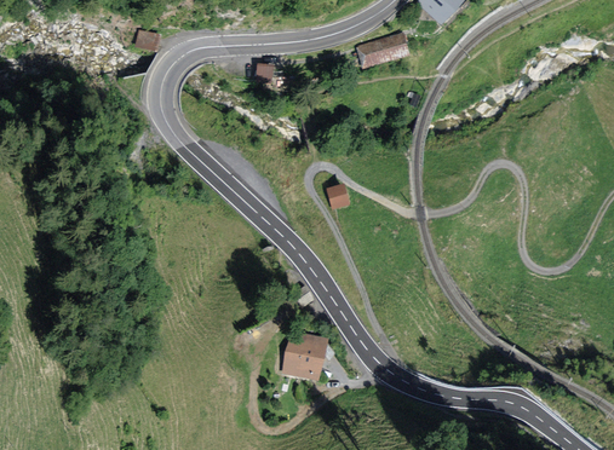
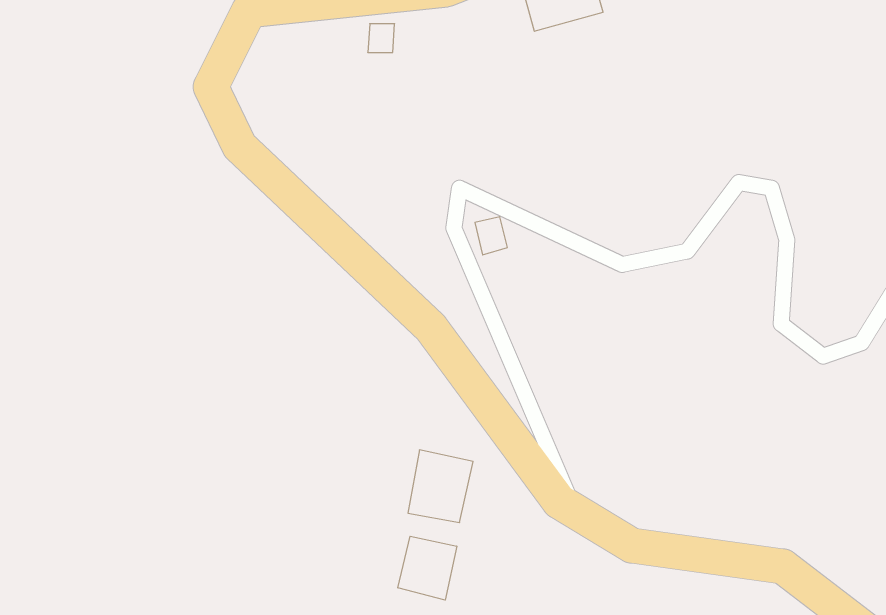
building: none -> [398,536,457,600]

